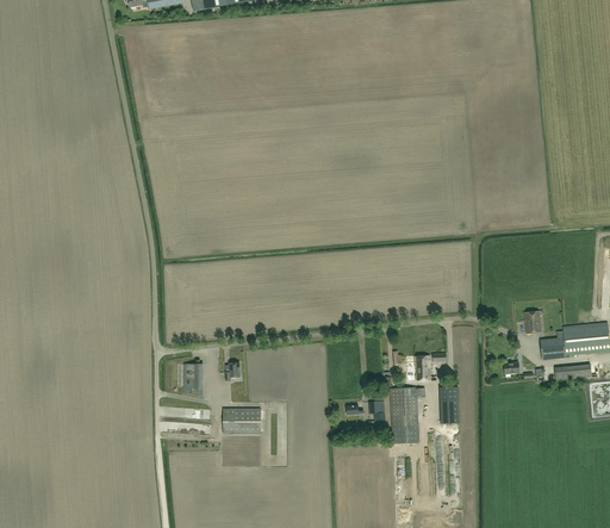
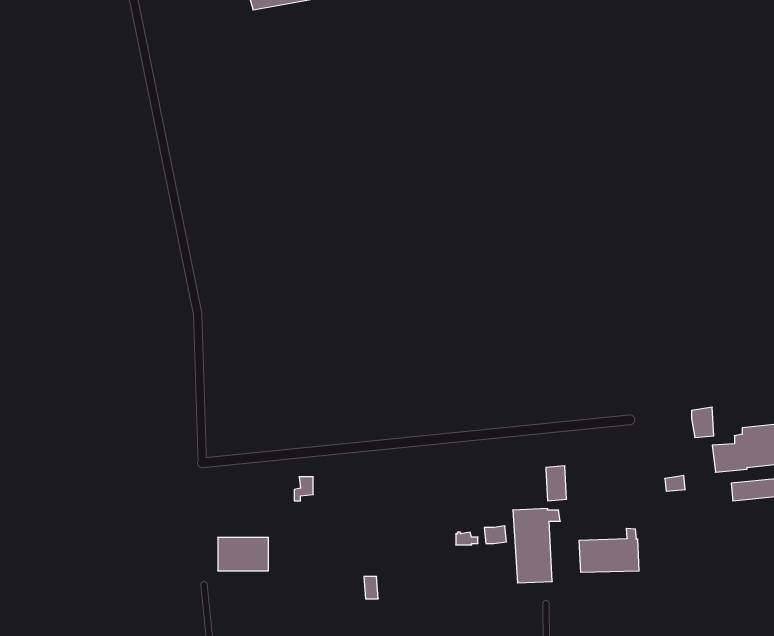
building: none -> [579,528,639,572]
building: [223,408,261,433] -> [218,537,268,571]

